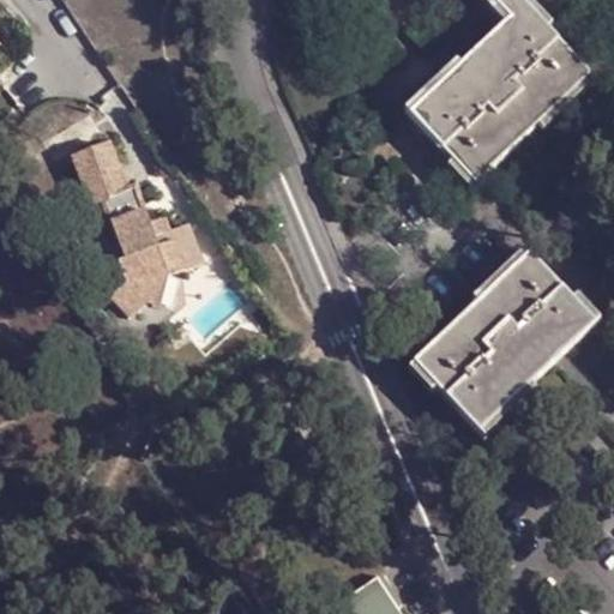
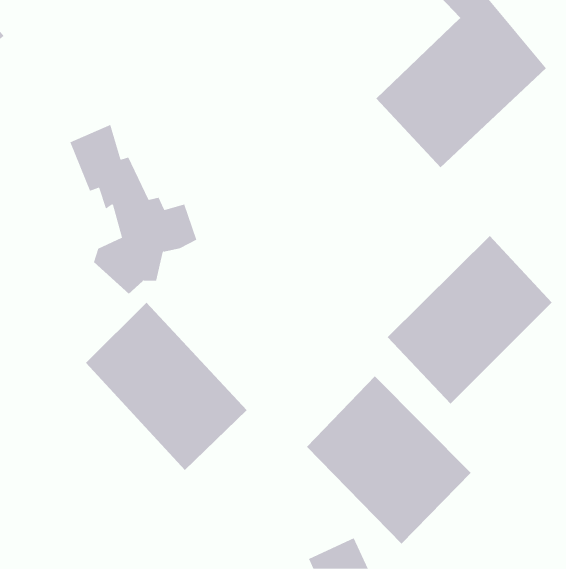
building: none -> [85,302,247,471]
building: none -> [306,375,471,544]

